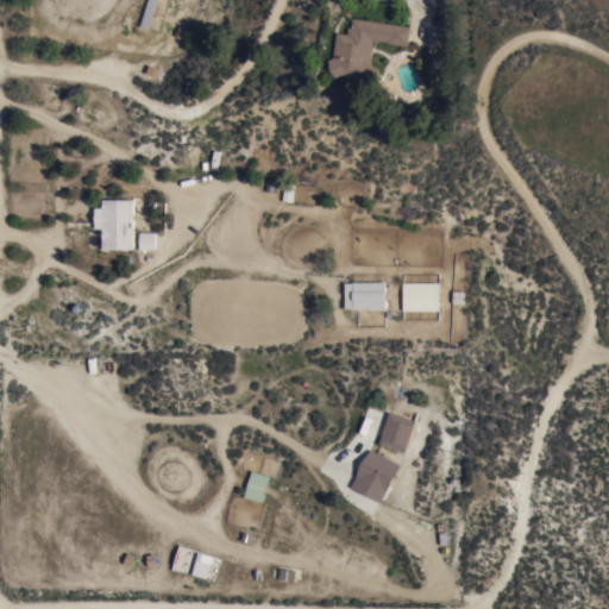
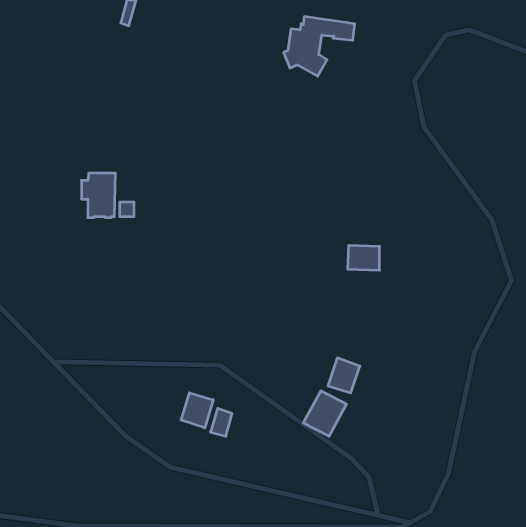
building: [344,283,384,309] -> none
building: none -> [181,393,213,428]
building: [169,545,211,578] -> none

